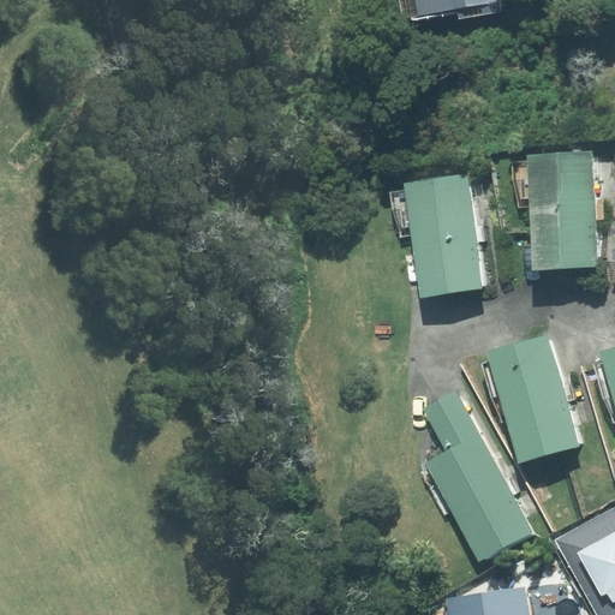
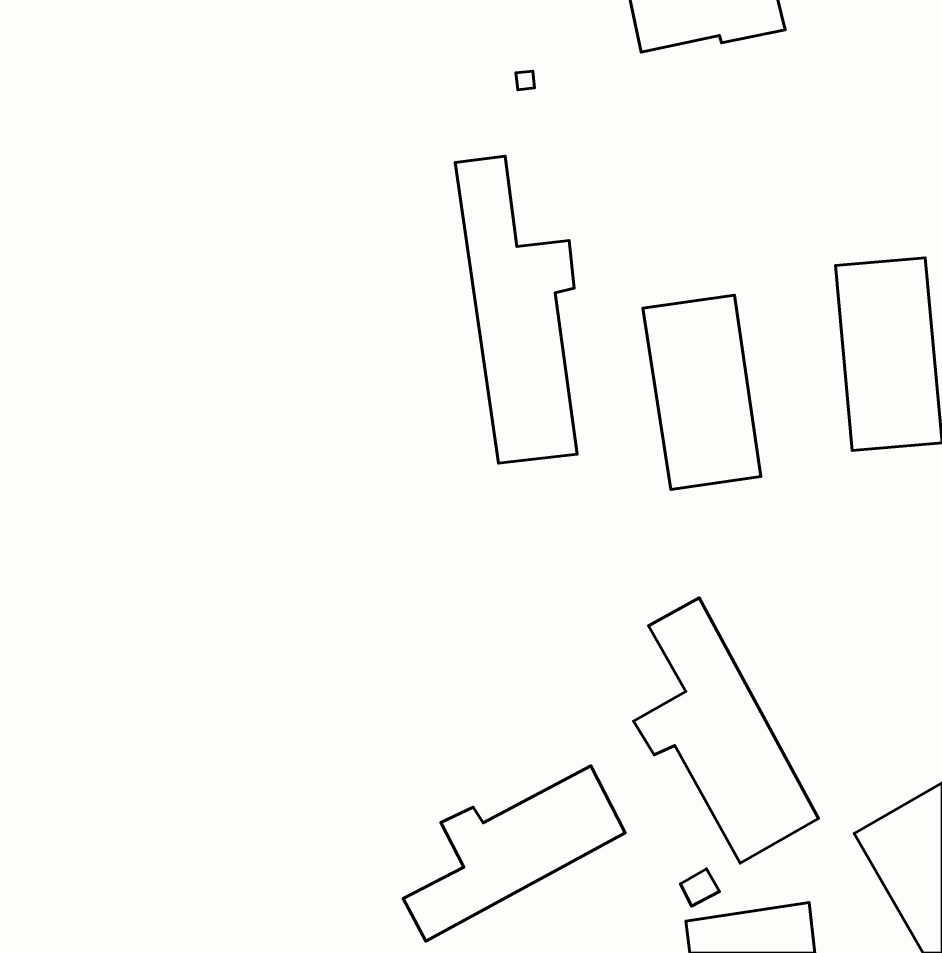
building: none -> [455,156,577,463]
building: [485,327,573,453] -> none
building: none -> [403,766,625,941]

